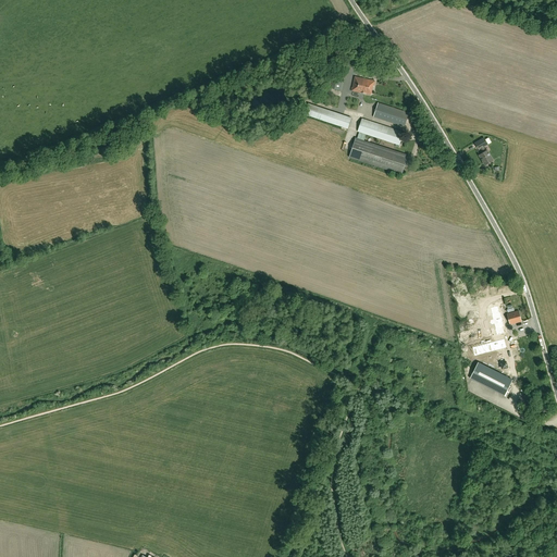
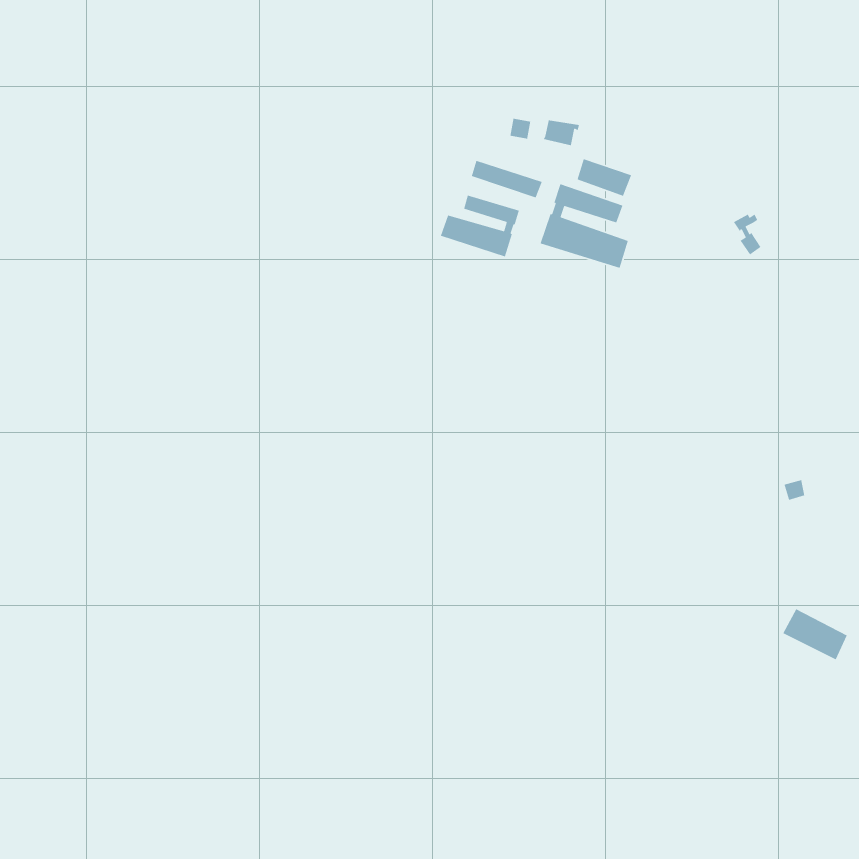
building: none -> [440,194,520,258]
building: [470,362,512,396] -> [782,608,848,660]

